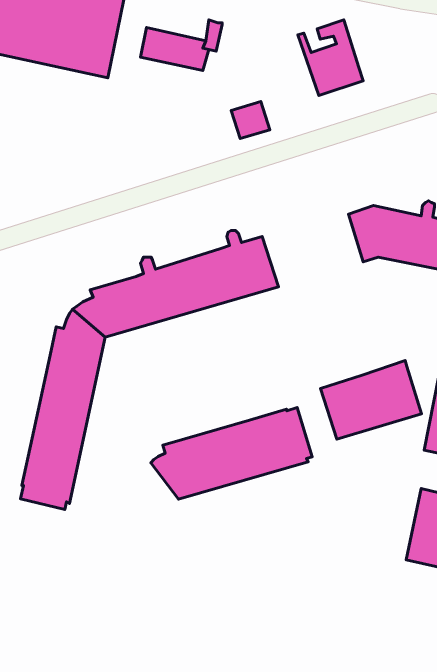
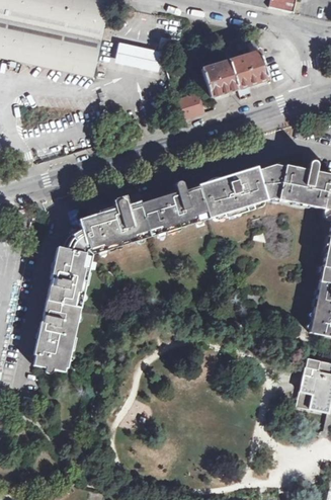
building: none -> [201,47,237,96]
building: [321,360,422,439] -> [198,165,267,219]
building: [151,408,312,499] -> none

